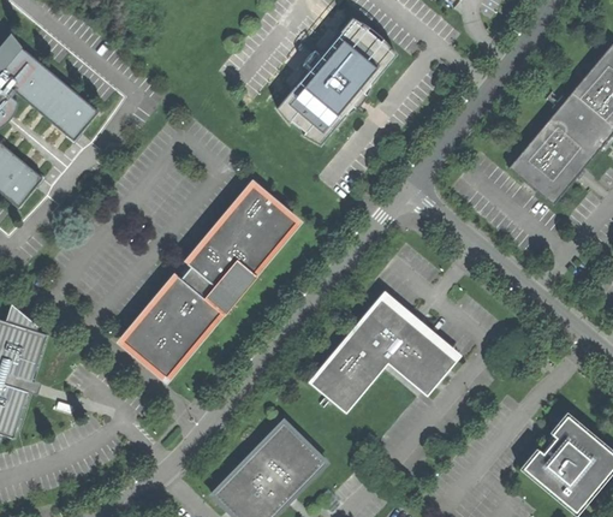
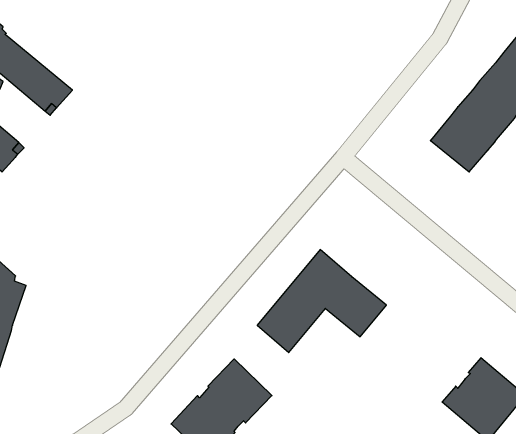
building: [275,17,394,144] -> none
building: [121,184,296,378] -> none

